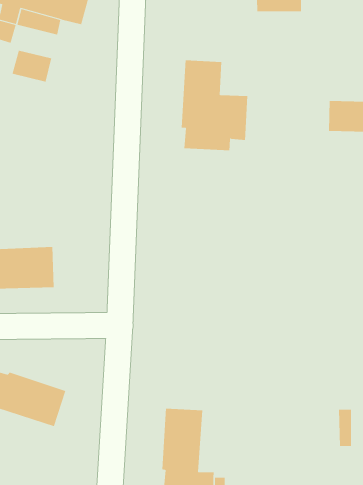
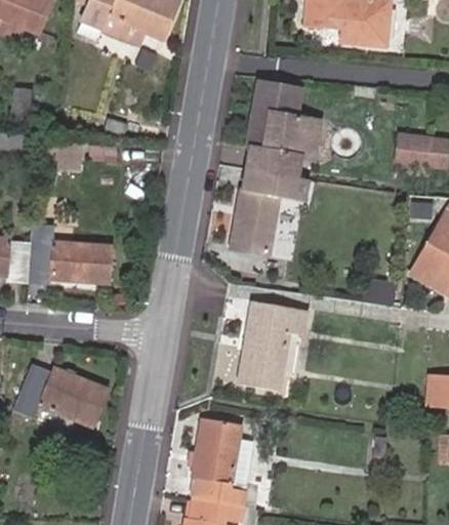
building: [12,50,52,82] -> none
building: none -> [232,166,294,250]
building: none -> [239,302,299,388]

